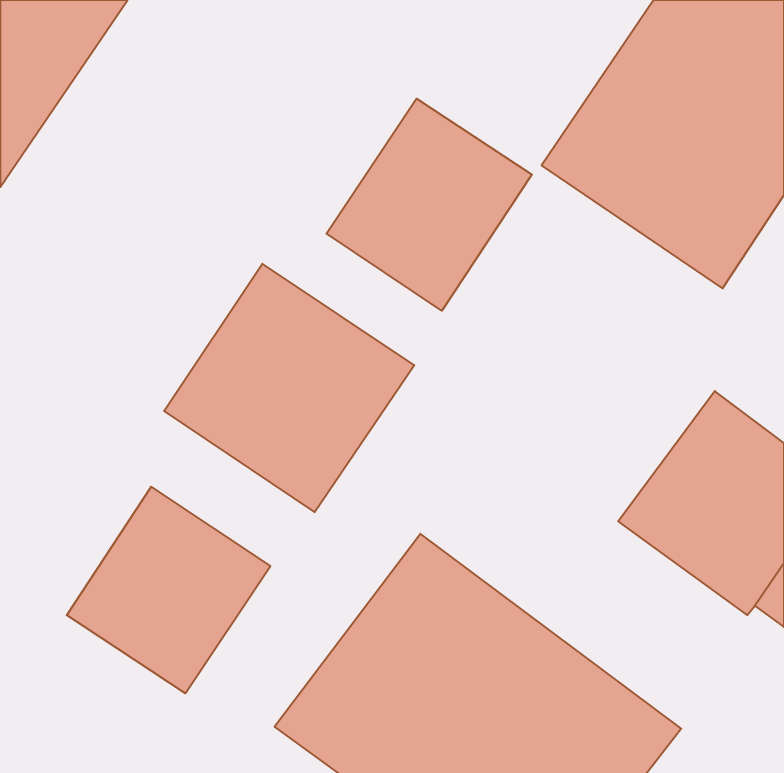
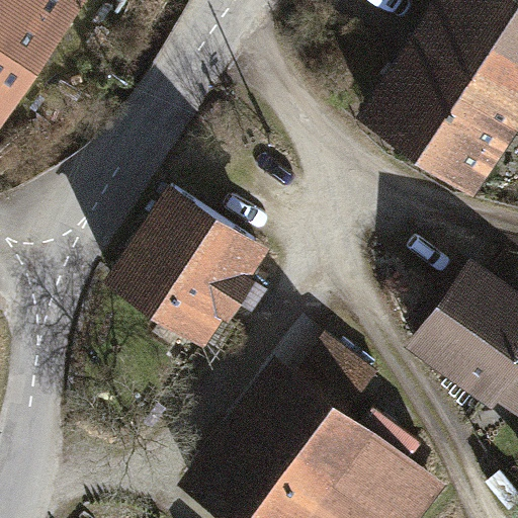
building: [326,99,532,311] -> none
building: [67,487,270,693] -> none

